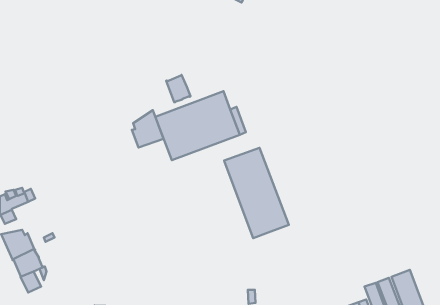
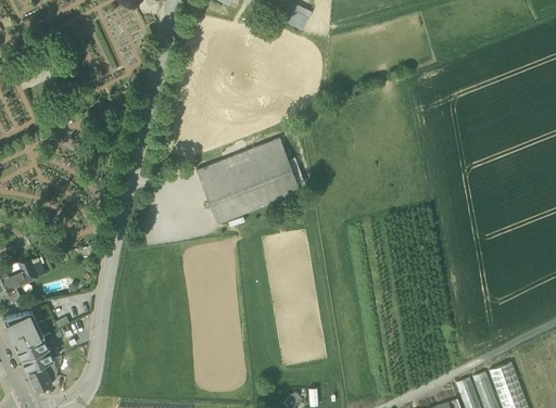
building: [166,75,190,102] -> none
building: [132,110,164,148] -> none
building: [224,148,289,238] -> none

